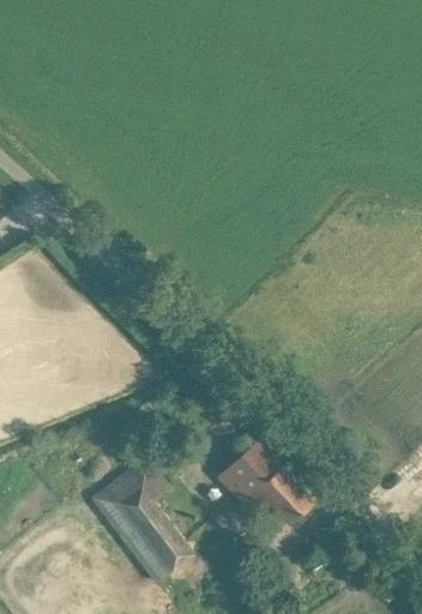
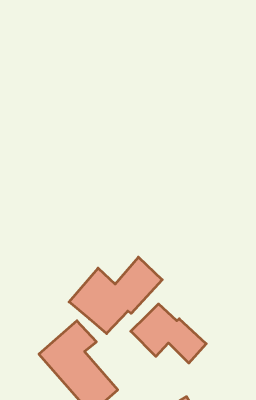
building: none -> [69,257,162,334]

